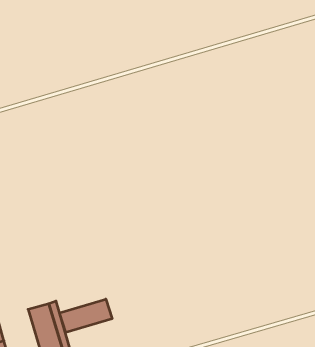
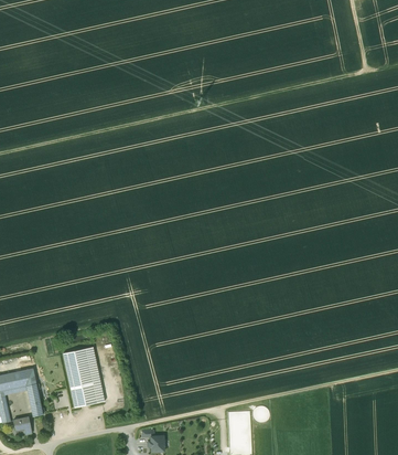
building: [59,299,112,332] -> none

